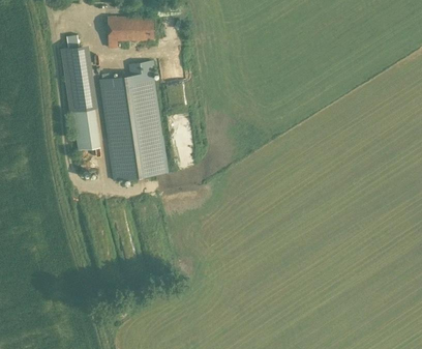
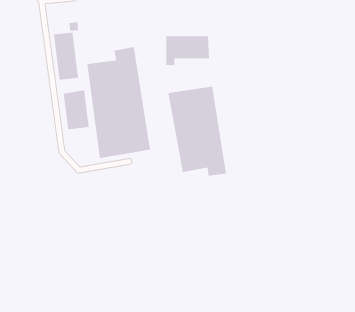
building: [107,17,154,49] -> [166,36,210,65]
building: none -> [168,86,226,176]

